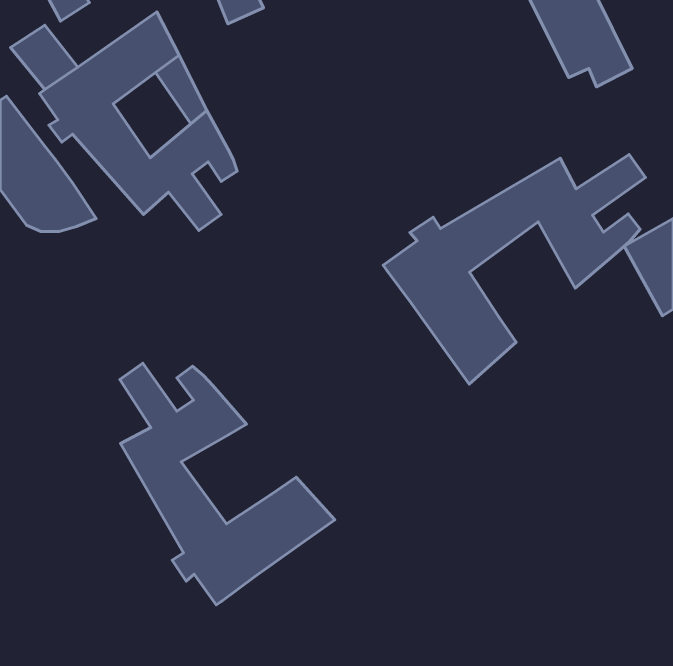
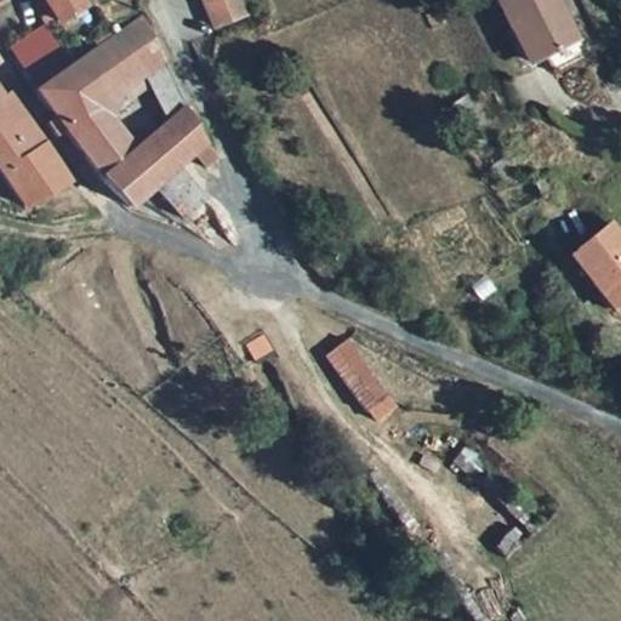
building: [383,155,645,384] -> none
building: [120,363,335,605] -> none
building: none -> [326,343,395,427]

